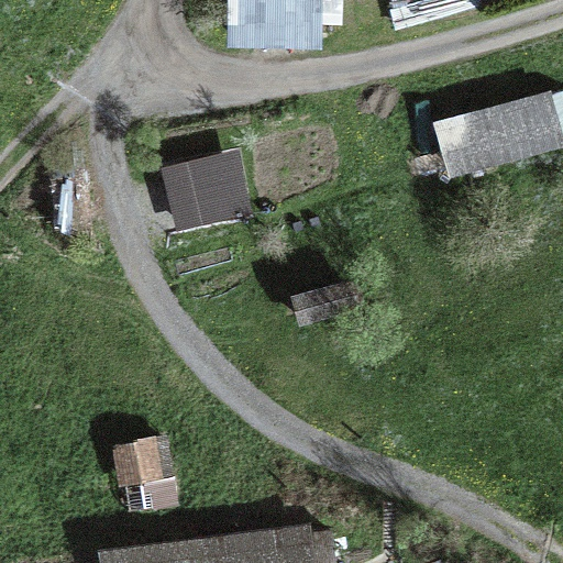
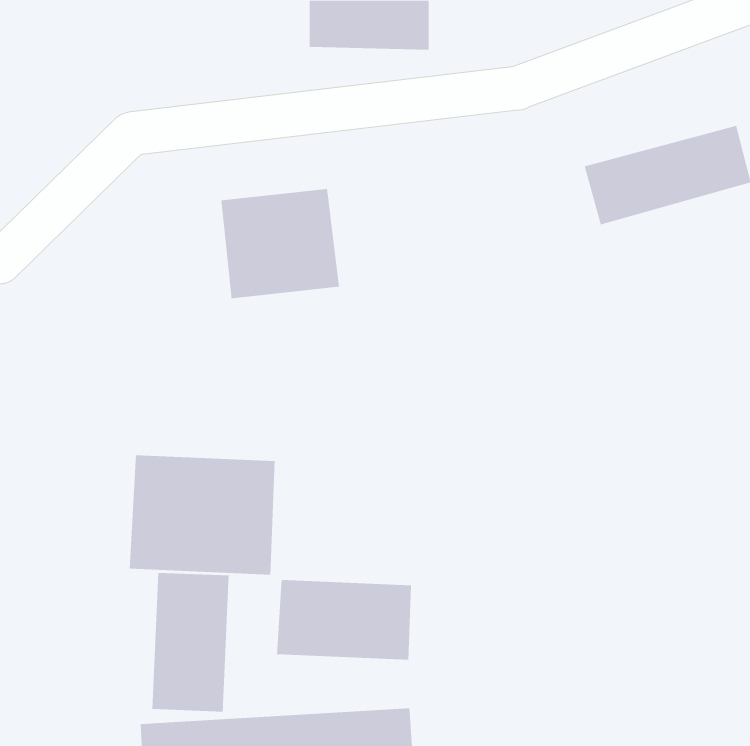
building: none -> [129,454,275,575]
building: none -> [277,579,412,660]

